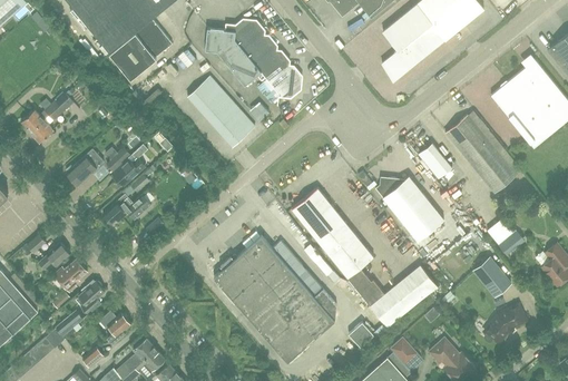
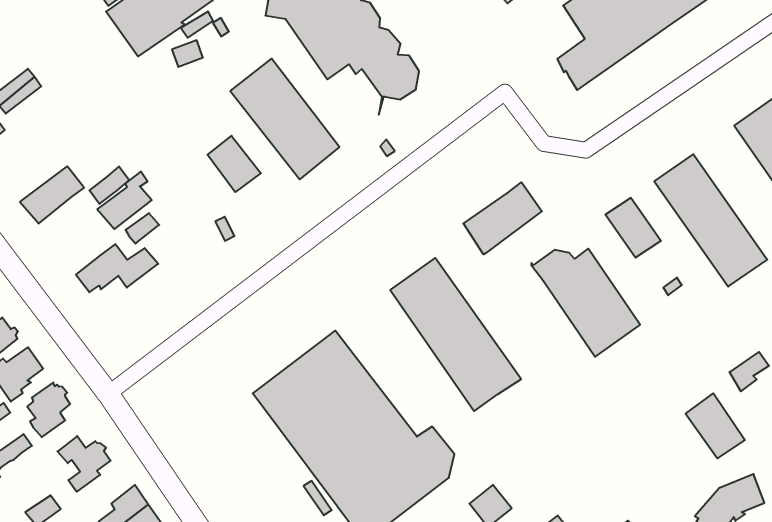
building: none -> [207,136,261,192]
building: none -> [463,182,542,254]
building: [346,264,437,328] -> none

